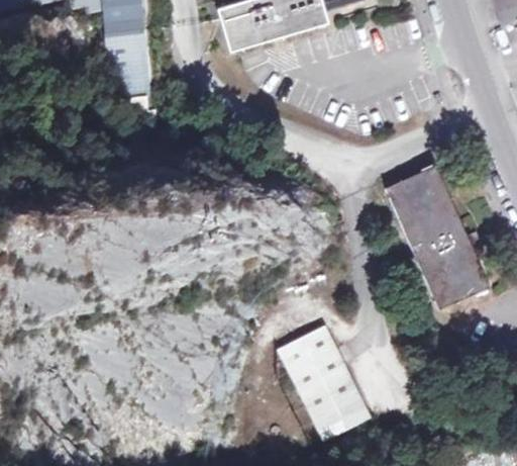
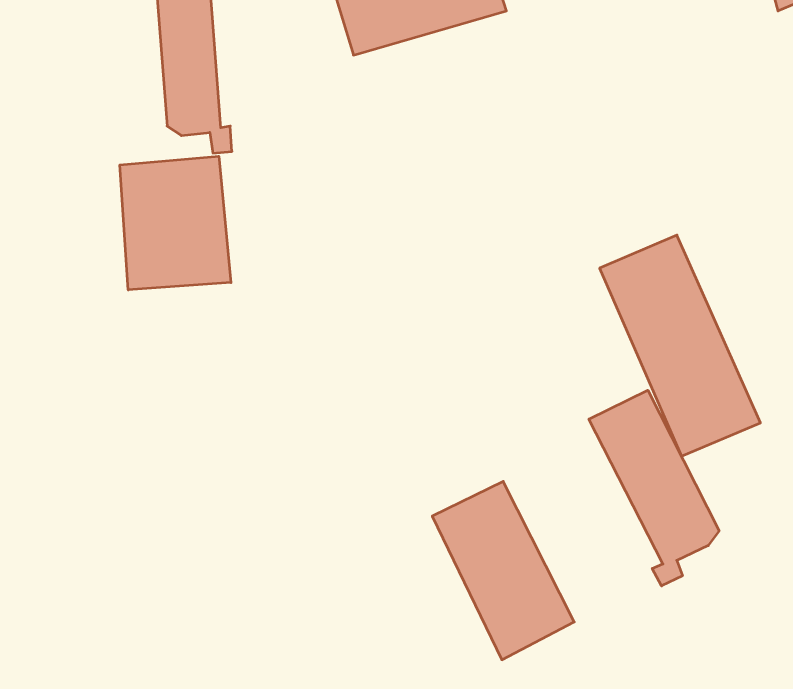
building: none -> [120,156,231,290]
building: none -> [589,390,719,586]

